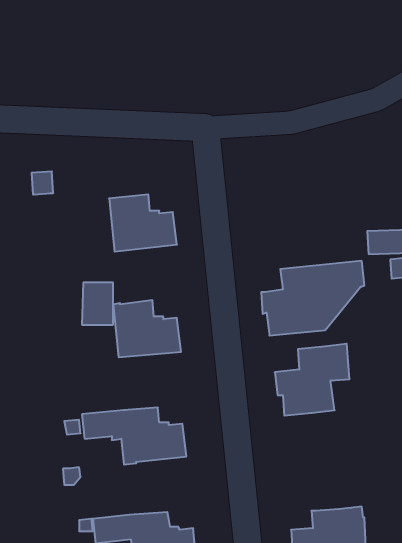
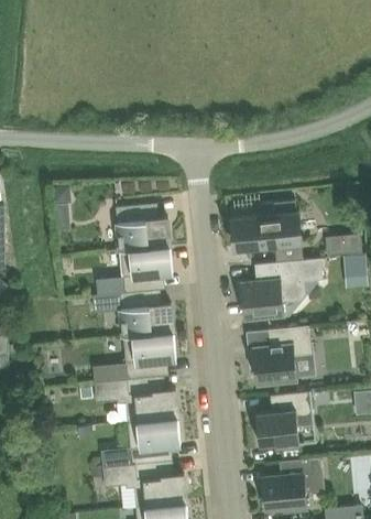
building: none -> [231,202,299,250]
building: none -> [119,246,172,294]
building: none -> [122,333,175,380]
building: none -> [255,392,313,448]
building: none -> [127,418,179,465]

